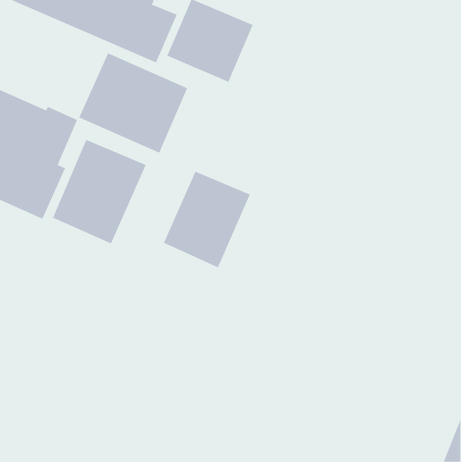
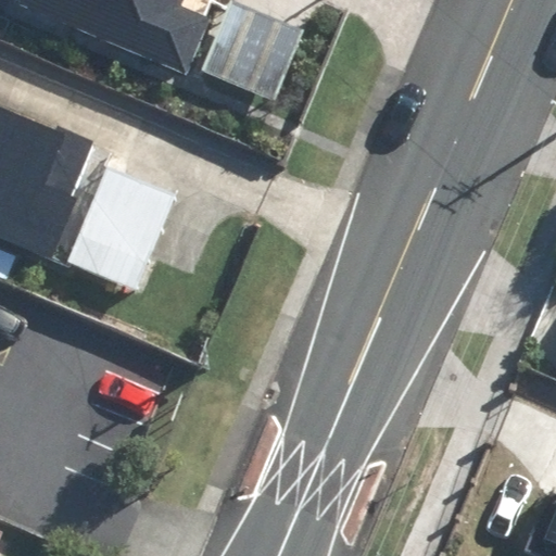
building: [78,52,188,153] -> none
building: [163,171,250,268] -> none

